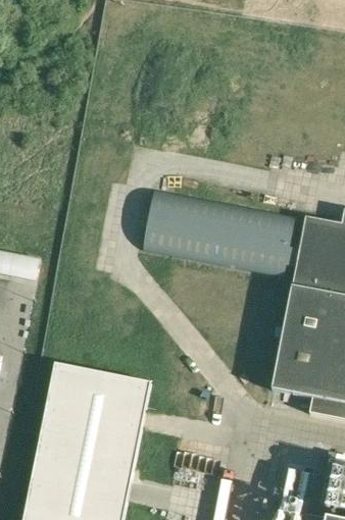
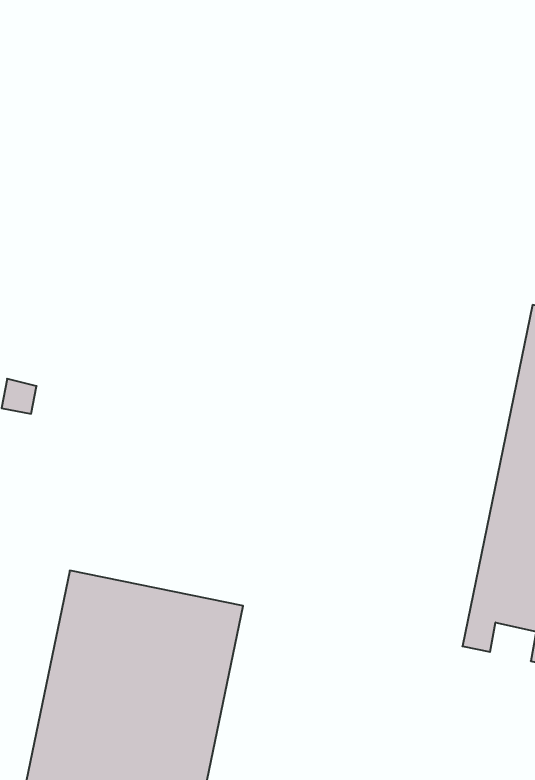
building: [142,188,293,273] -> none

